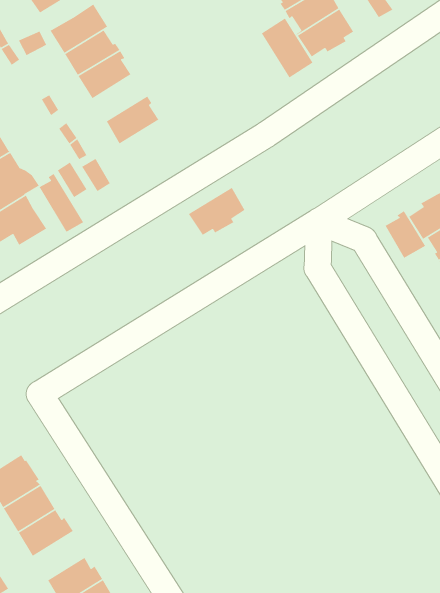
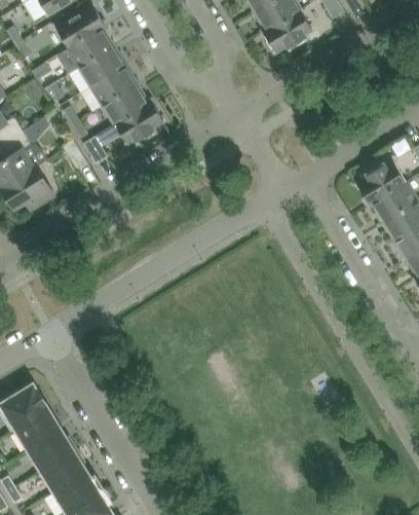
building: [261,18,313,78] -> none
building: none -> [91,66,138,105]
building: [38,173,84,233] -> none
building: [188,187,245,236] -> [114,102,162,143]
building: [384,210,426,259] -> none
building: none -> [41,449,85,490]

